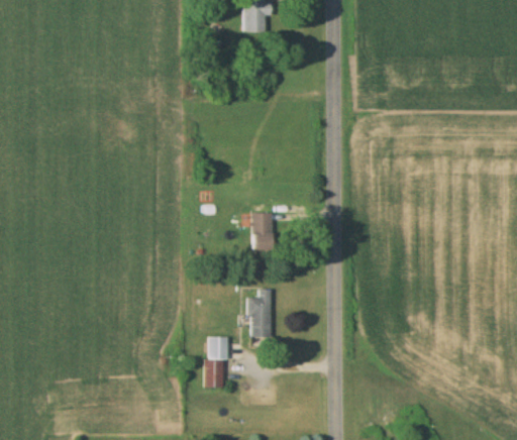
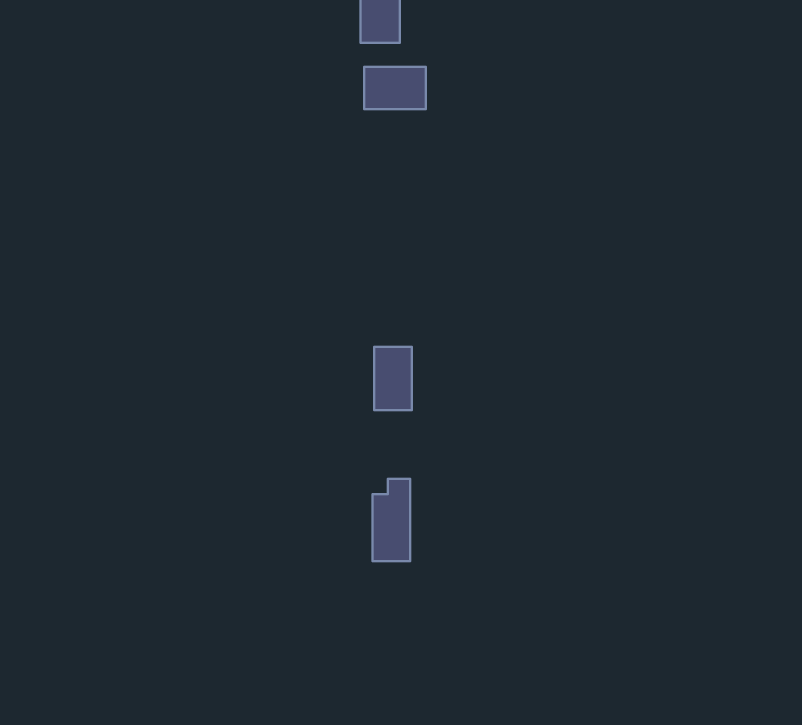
building: none -> [364,67,426,109]
building: [206,338,230,389] -> none

